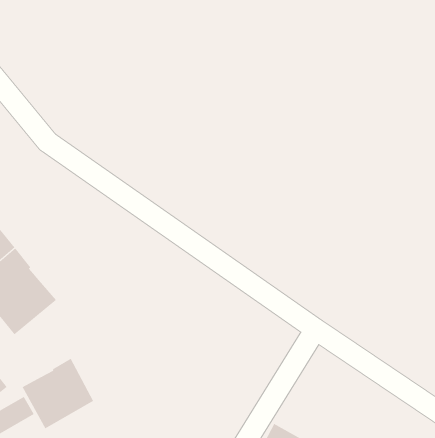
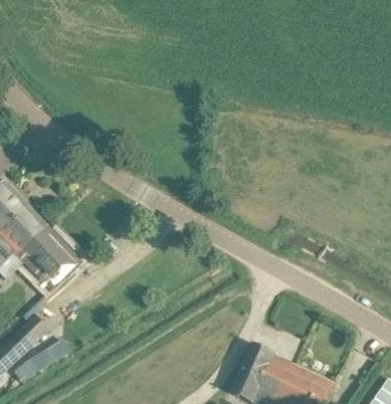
building: [22,358,94,429] -> none

